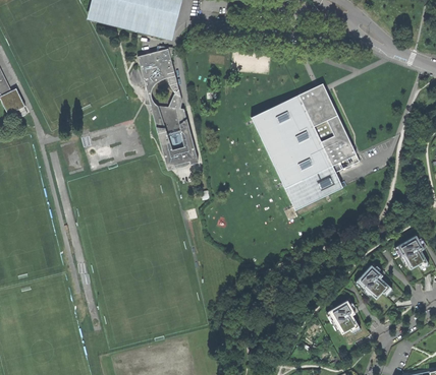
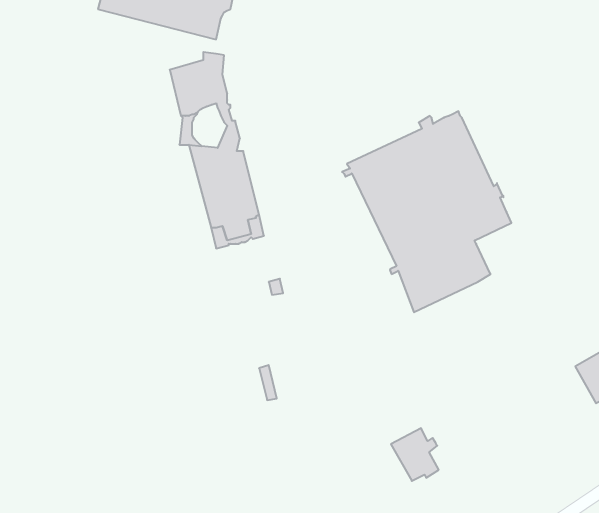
building: [356,264,389,299] -> none
building: [328,300,359,333] -> [391,428,439,481]

